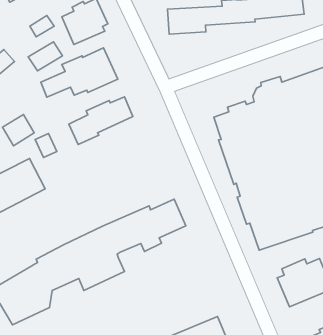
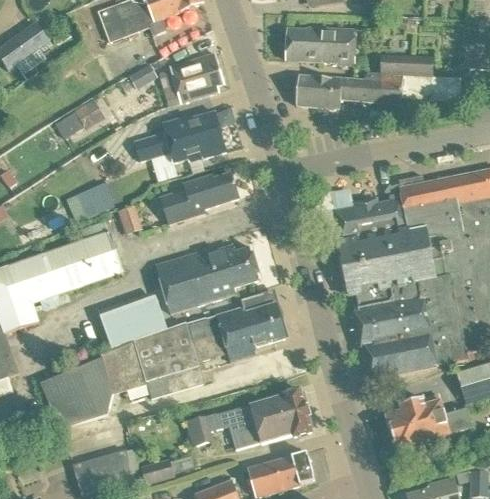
building: [28,42,63,71] -> none
building: none -> [155,244,261,312]
building: none -> [100,297,166,346]
building: none -> [187,387,312,449]

